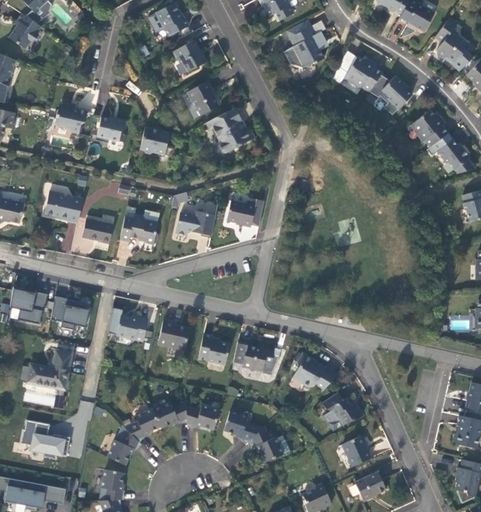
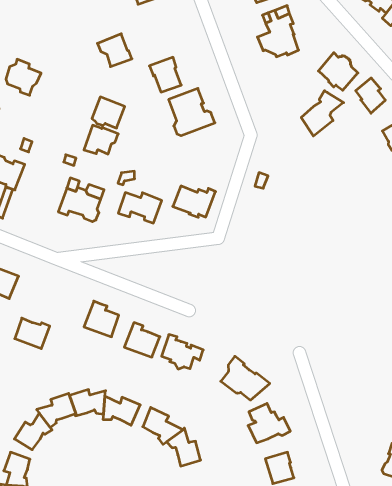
building: [173,40,207,72] -> [97,34,132,67]
building: none -> [301,91,344,136]
building: [96,117,126,143] -> [84,125,118,154]
building: [82,219,113,243] -> none
building: [117,314,148,340] -> [15,318,50,349]

